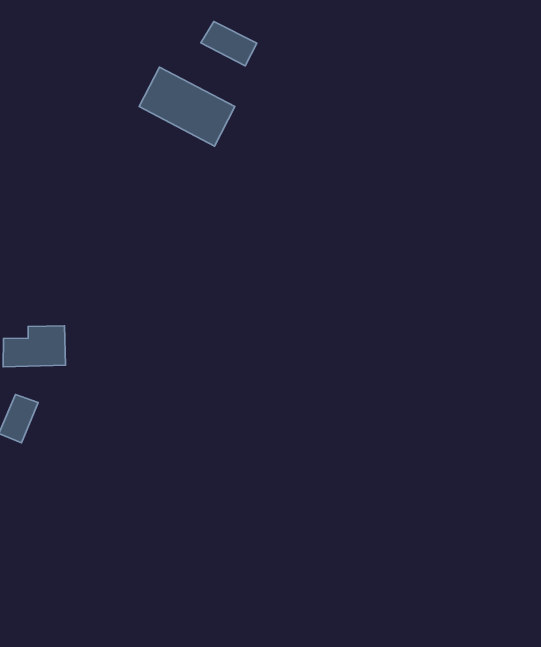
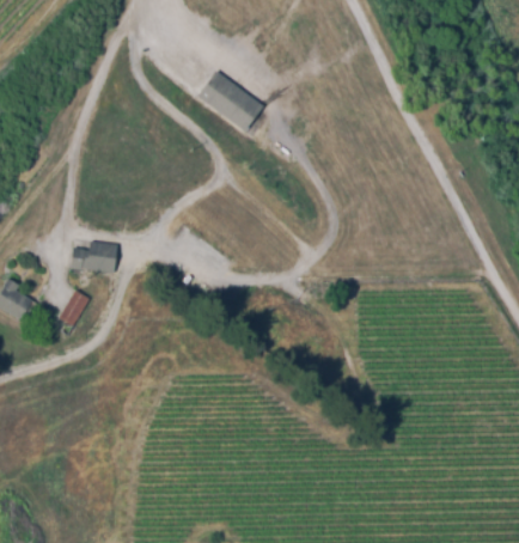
building: [201,21,257,66] -> none

